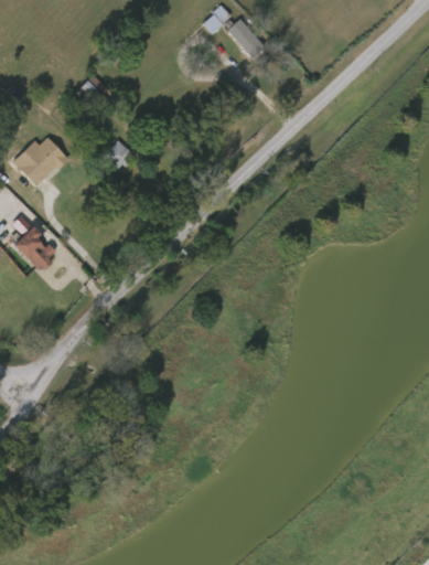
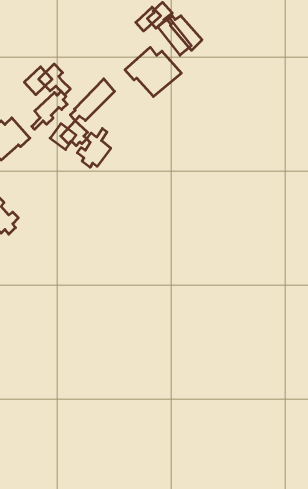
building: none -> [125,47,181,97]
building: none -> [70,79,115,121]
building: none -> [32,91,67,129]
building: none -> [77,128,111,167]

